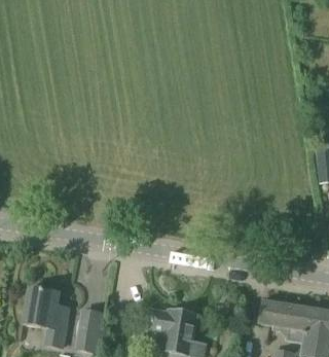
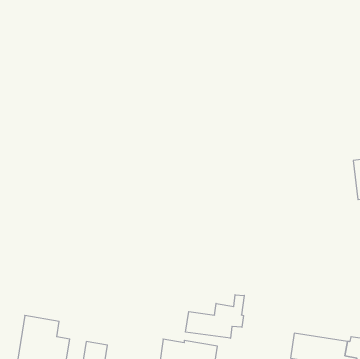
building: none -> [186,295,244,338]

